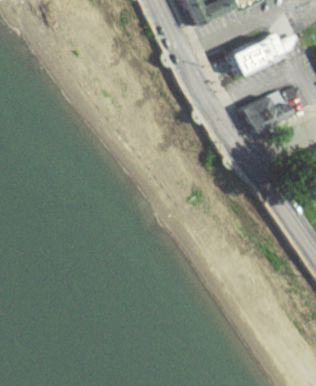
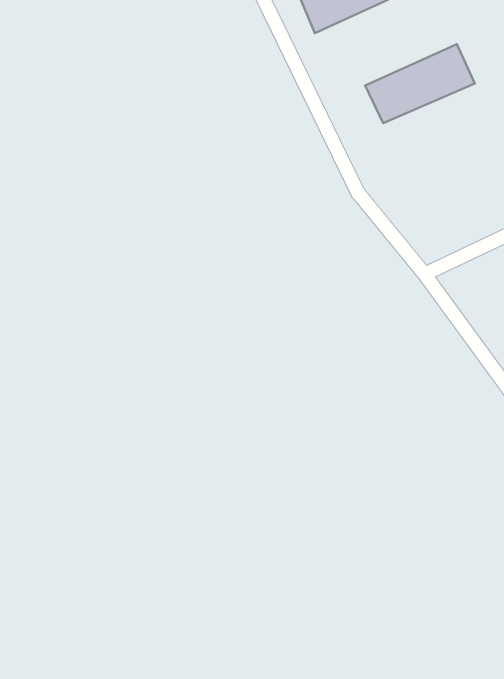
building: [245,90,295,131] -> none

